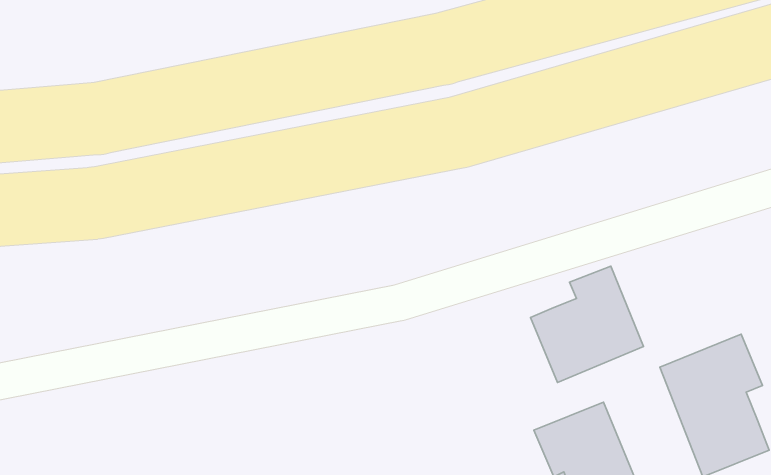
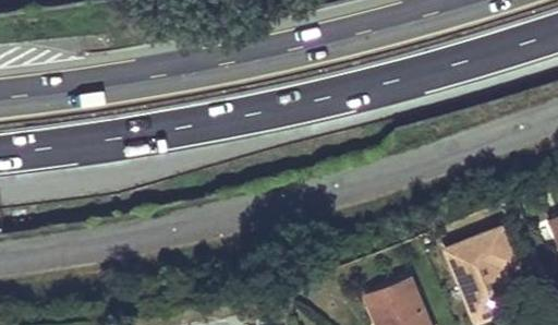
building: [531,266,643,383] -> none

